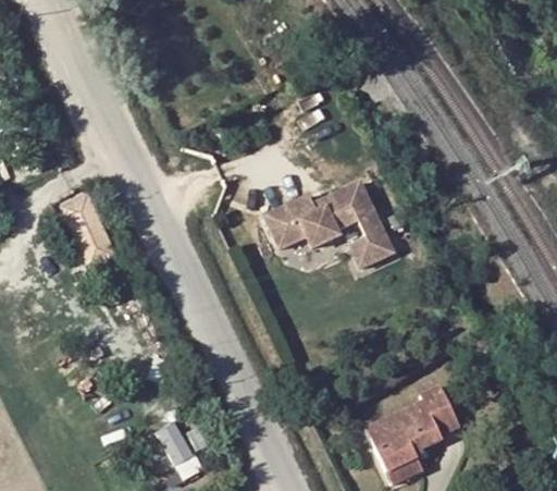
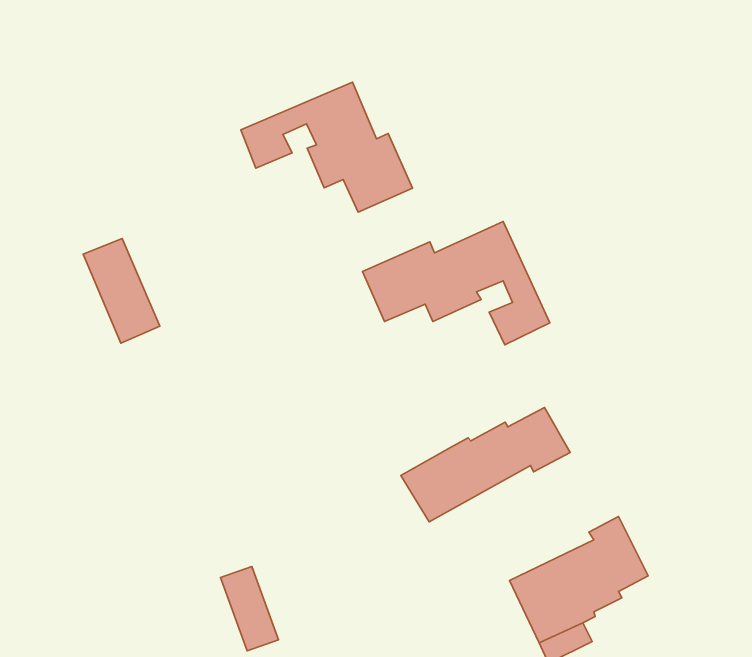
building: none -> [241,82,412,212]
building: none -> [401,407,570,522]

